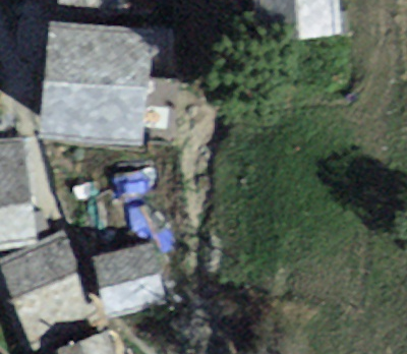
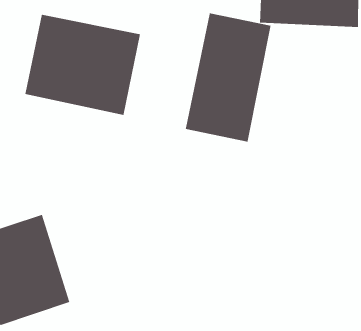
building: none -> [185,13,271,142]
building: [93,243,164,309] -> none

